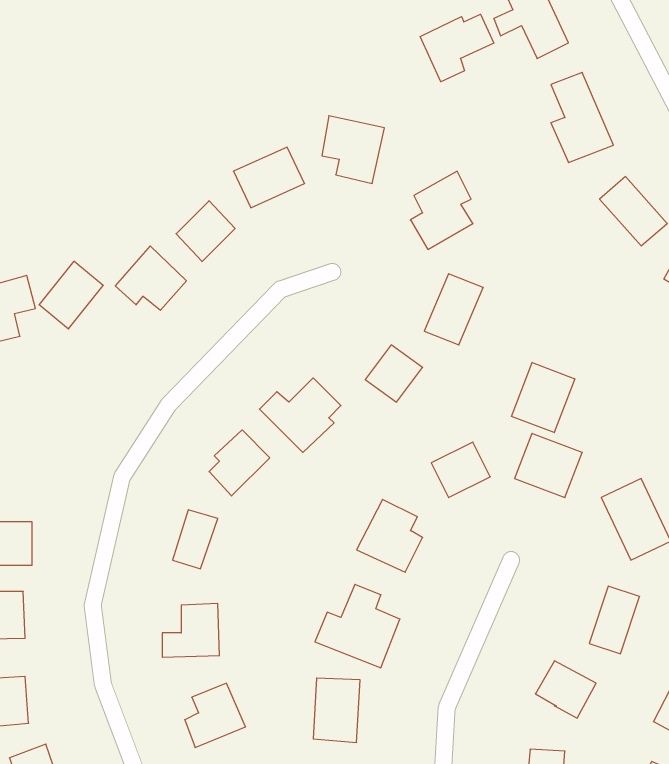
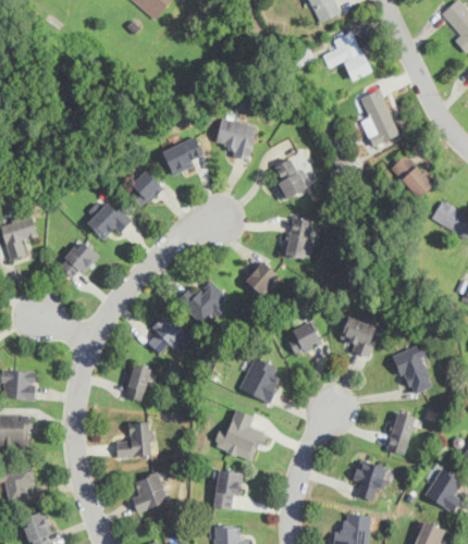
building: [420,14,494,82] -> none
building: [39,261,103,329] -> [58,238,98,281]
building: [512,362,575,433] -> none

